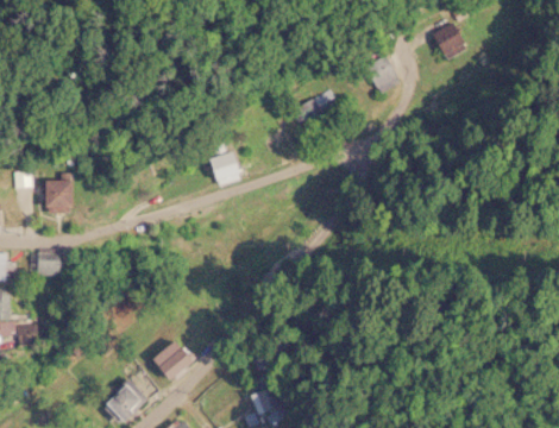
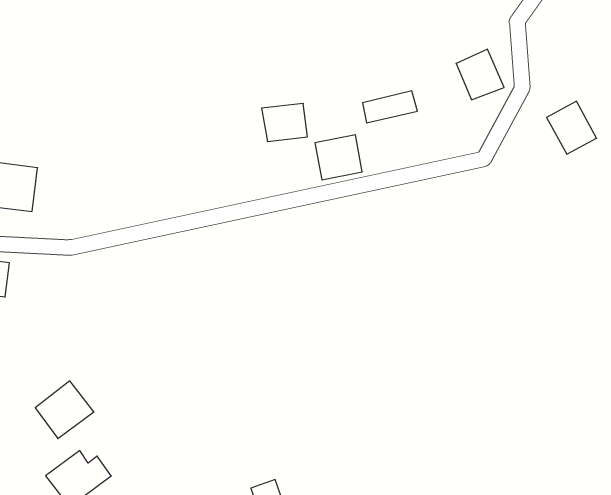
building: [433,21,471,61] -> [547,101,597,154]
building: [206,151,241,182] -> [262,103,307,142]
building: [151,338,194,380] -> [35,381,94,439]

